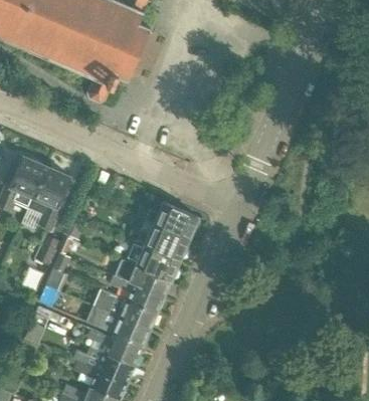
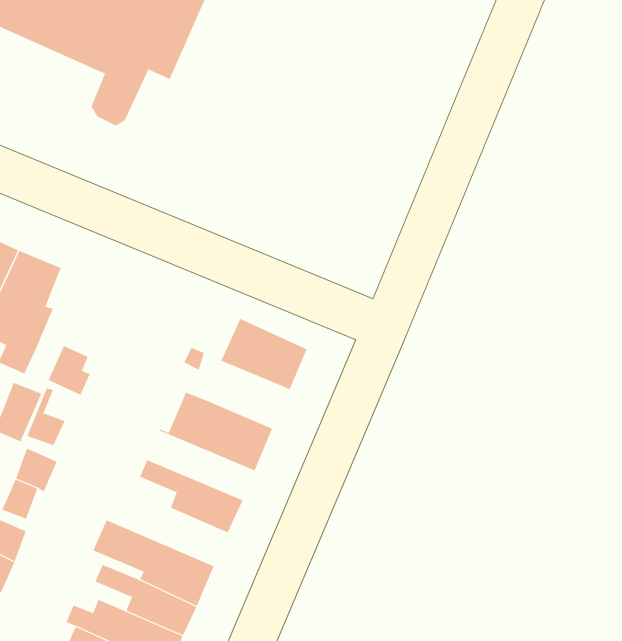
building: [144,224,188,259] -> none
building: [114,260,170,296] -> none
building: [93,289,156,331] -> none

